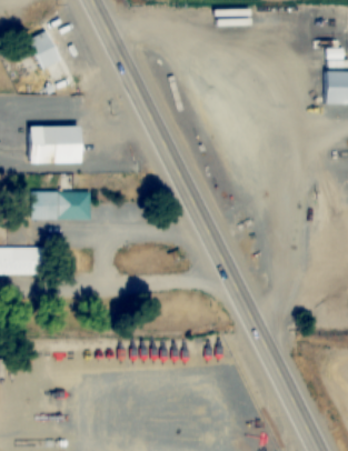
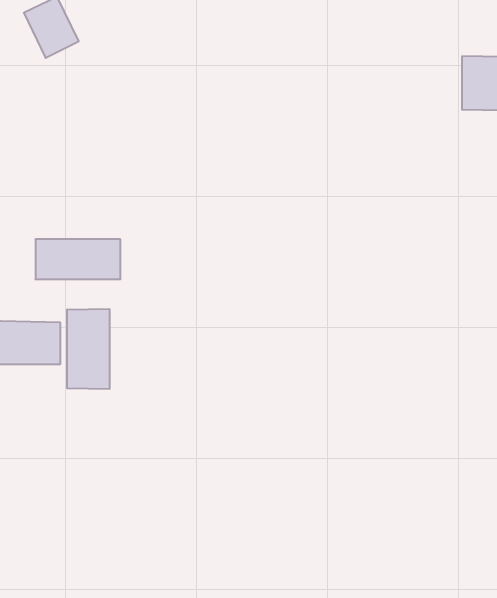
building: [30,127,82,162] -> none
building: none -> [67,309,109,389]

